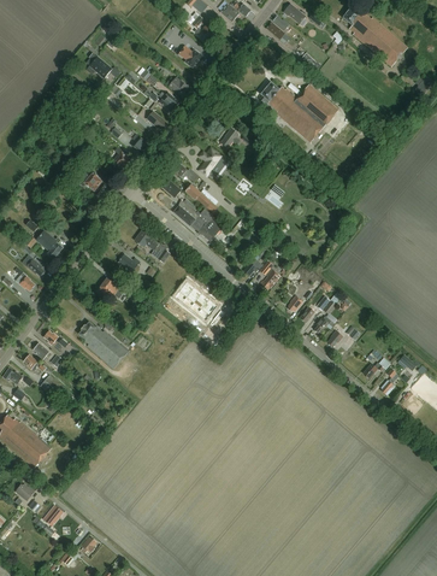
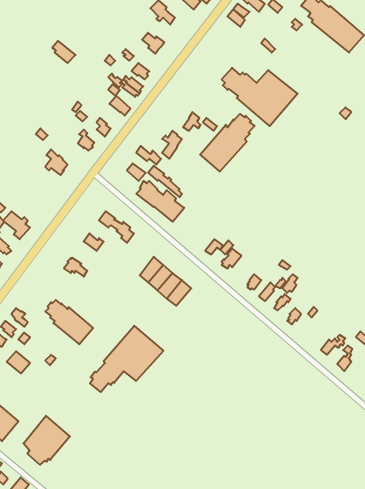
building: none -> [200,114,255,172]
building: none -> [90,326,163,392]
building: none -> [23,416,70,465]

